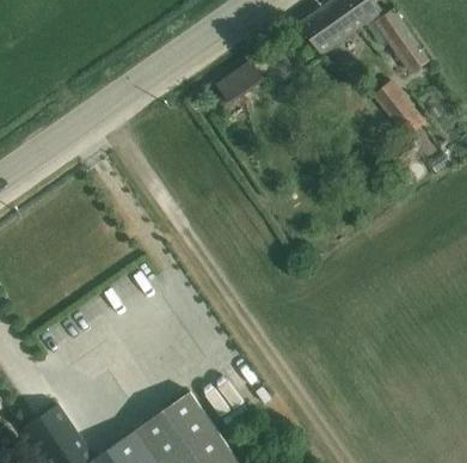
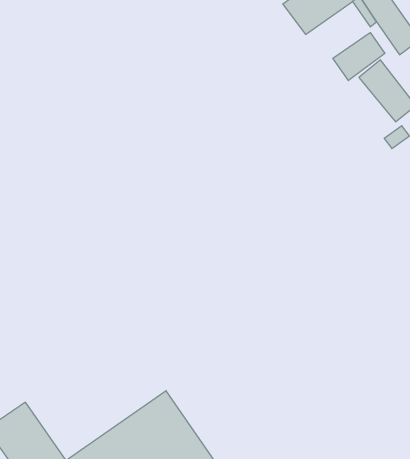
building: none -> [333,33,385,81]
building: [215,61,263,103] -> none

